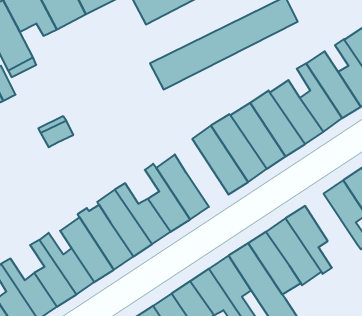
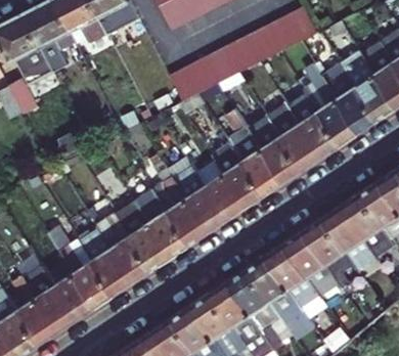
building: none -> [204,151,249,219]
building: none -> [324,206,376,269]

